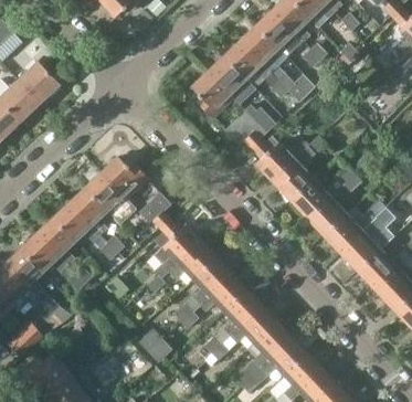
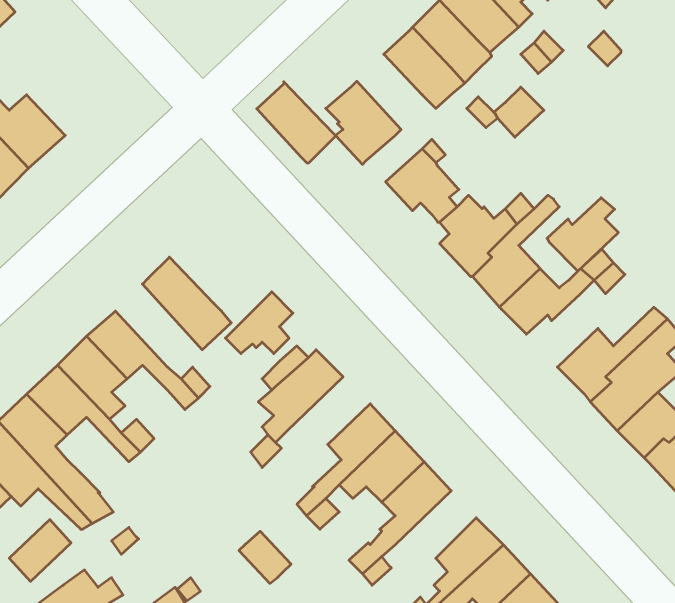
building: [208,56,253,103] -> [257,82,336,163]
building: [19,62,60,103] -> none
building: [101,158,147,199] -> none
building: [70,188,107,235] -> none
building: [305,193,346,235] -> [547,198,618,271]
building: [168,241,215,279] -> none
building: [230,306,276,345] -> none

